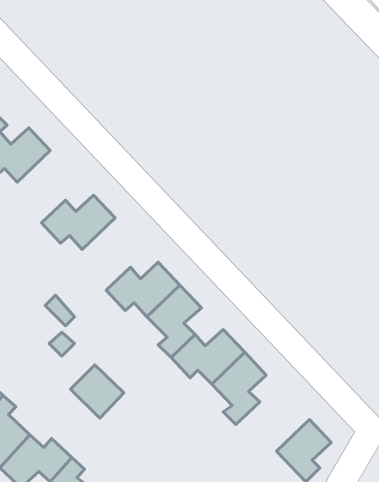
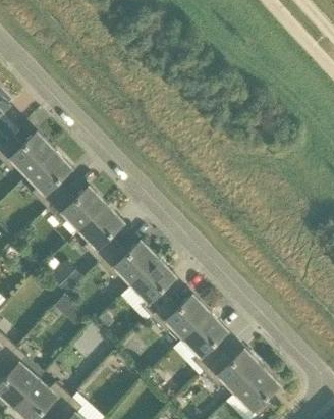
building: none -> [27,151,71,209]
building: none -> [79,205,123,263]
building: none -> [203,349,262,392]

